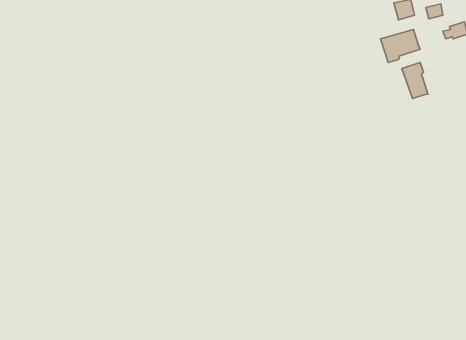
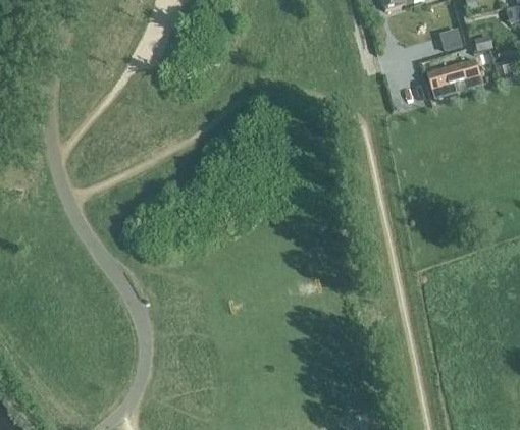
building: [402,63,428,99] -> none

